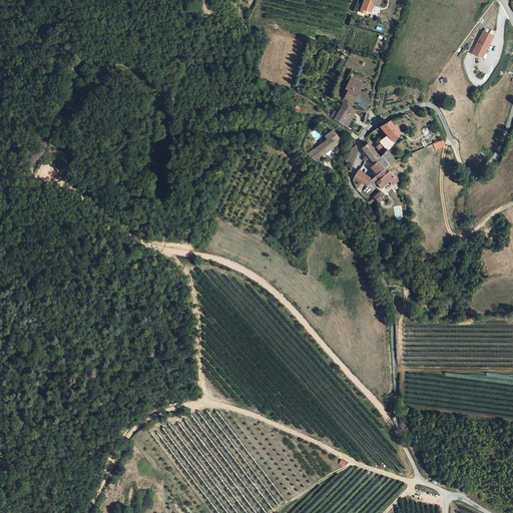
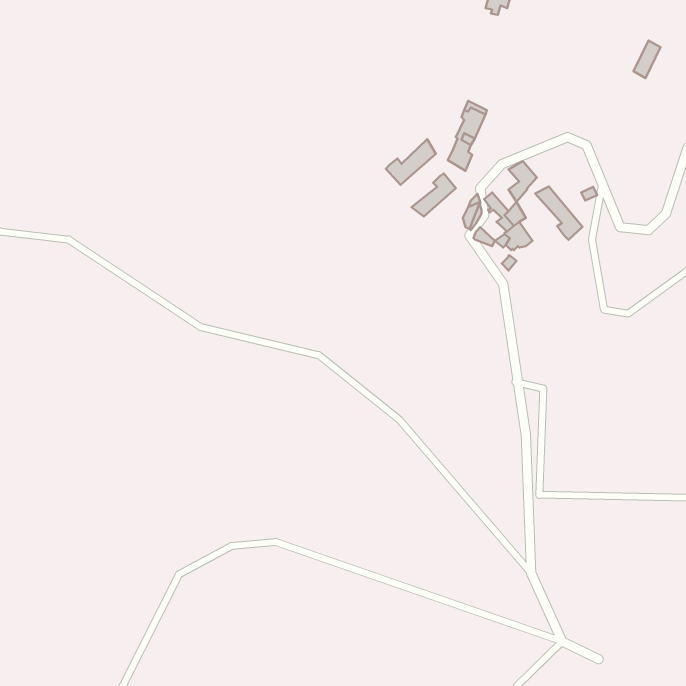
building: none -> [386,139,436,185]
building: none -> [535,187,583,240]

